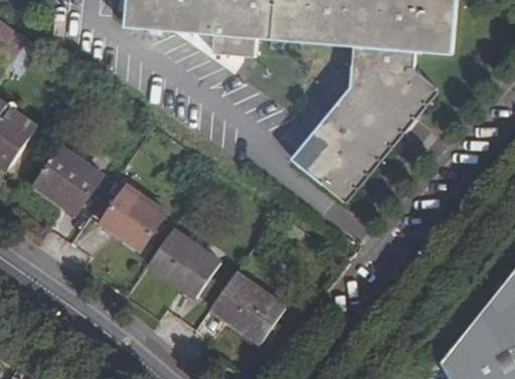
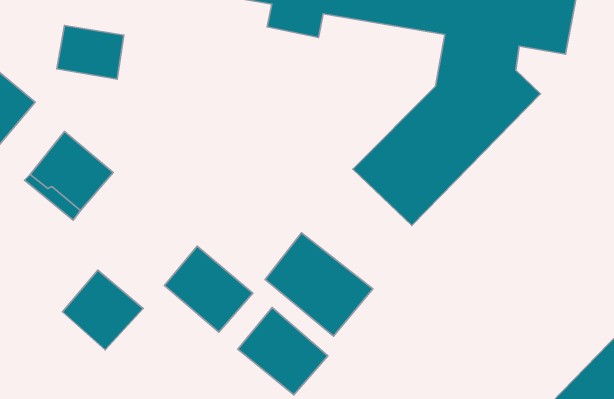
building: none -> [57,26,124,79]
building: [104,188,167,250] -> [62,270,143,350]
building: none -> [265,233,373,336]

